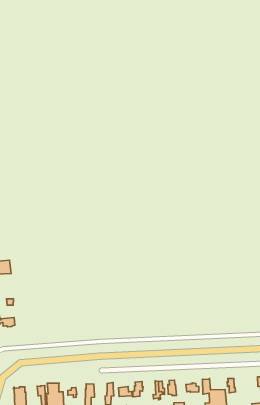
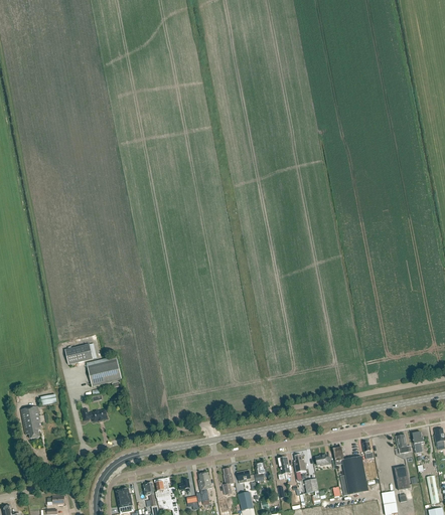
building: none -> [88,358,122,385]

